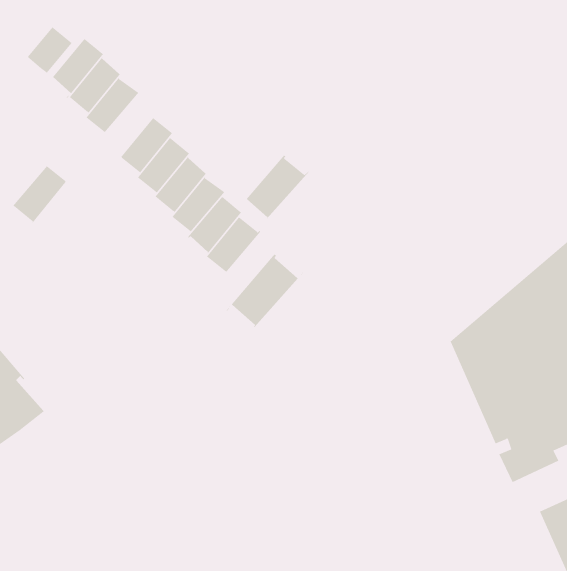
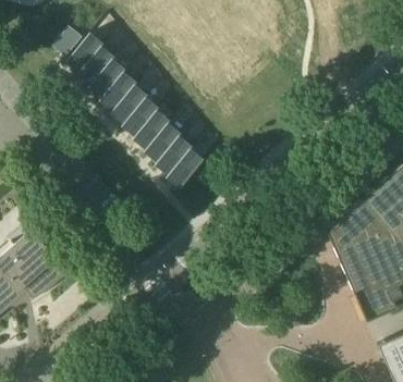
building: [242,154,310,219] -> none
building: [12,161,68,226] -> [100,69,136,111]
building: [226,254,303,328] -> none

